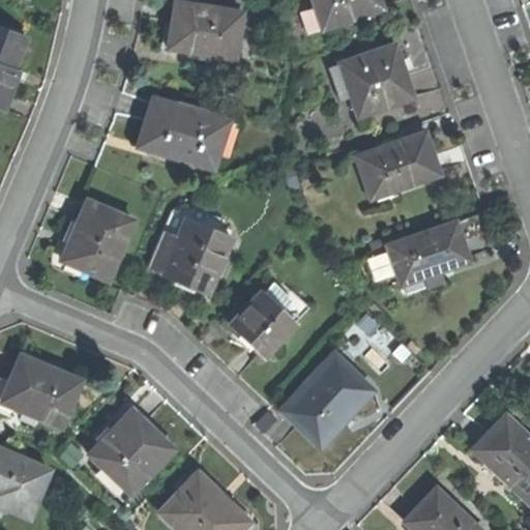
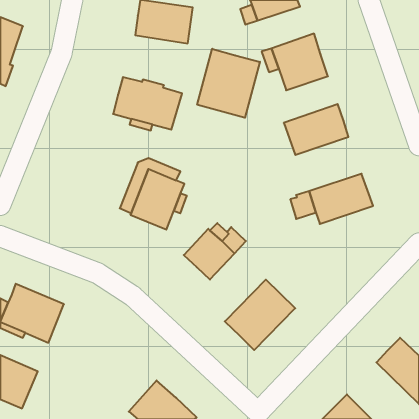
building: none -> [197,49,260,118]
building: [64,199,136,276] -> none
building: [88,415,172,499] -> none

